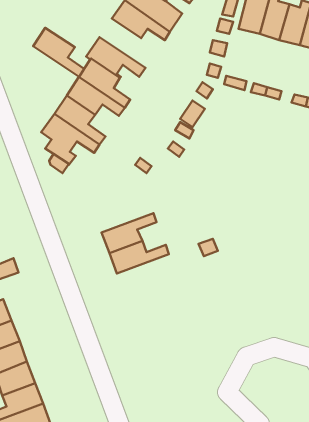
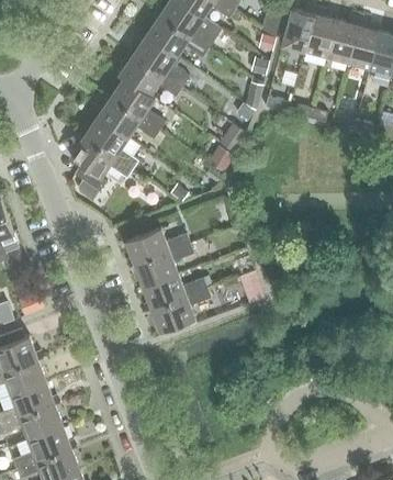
building: [33,28,84,77] -> [132,35,187,88]
building: none -> [125,227,190,265]
building: none -> [150,288,210,333]

